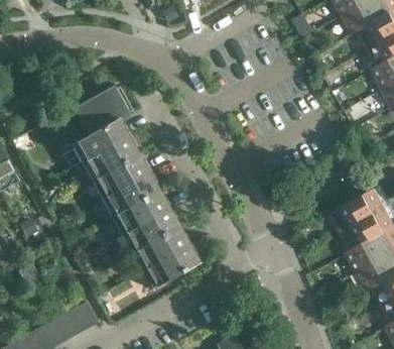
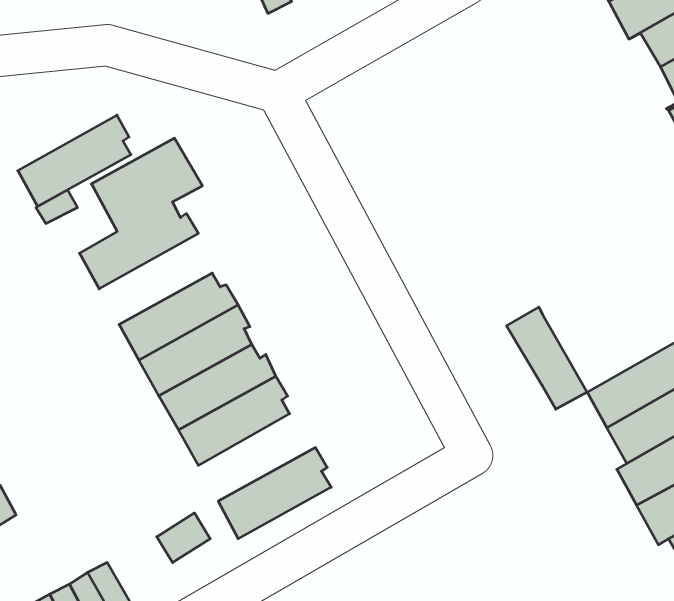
building: [81,133,138,180] -> [18,115,131,206]
building: none -> [507,307,587,409]
building: [131,225,190,269] -> none

